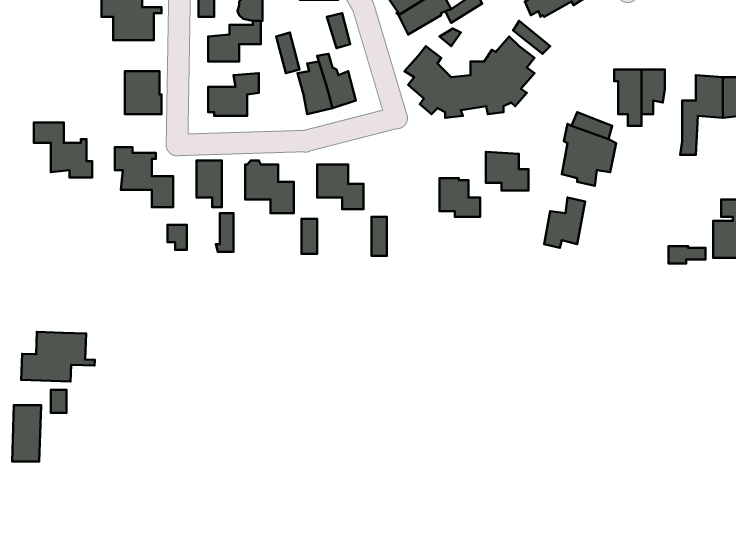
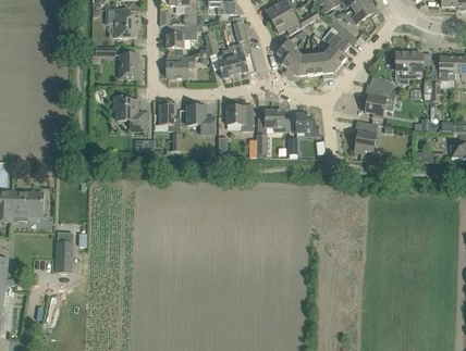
building: [34,123,92,178] -> none
building: [486,152,529,191] -> [266,109,290,130]
building: [21,332,95,382] -> none

